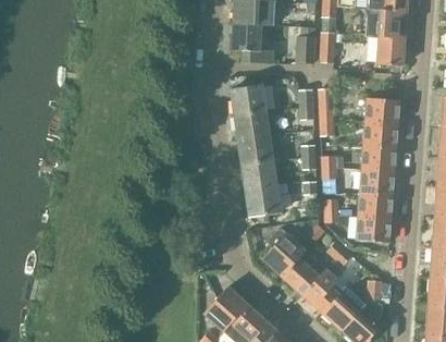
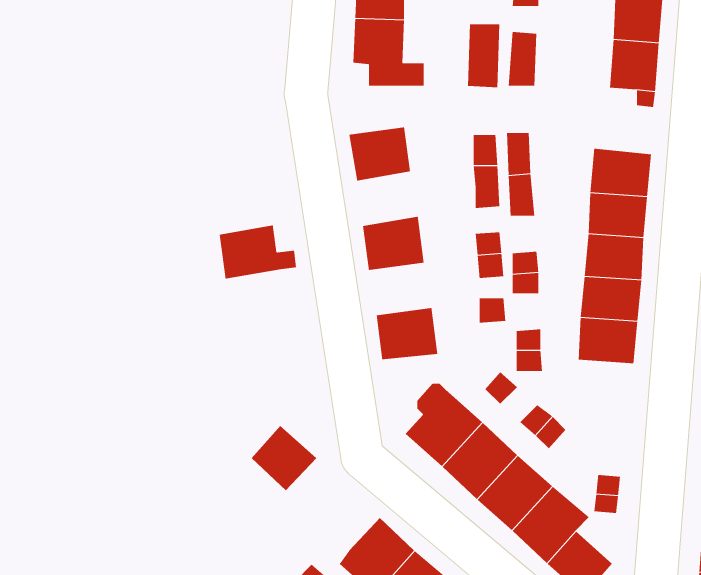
building: [235,111,278,142] -> [219,225,297,279]
building: [241,162,277,192] -> none
building: [357,217,391,243] -> none
building: [211,286,248,323] -> [251,425,317,491]

